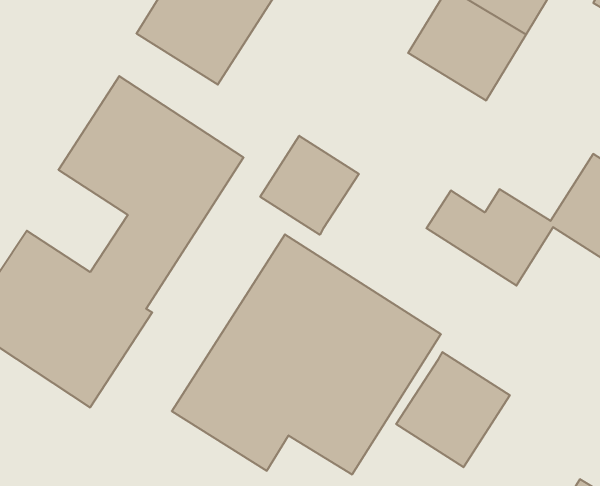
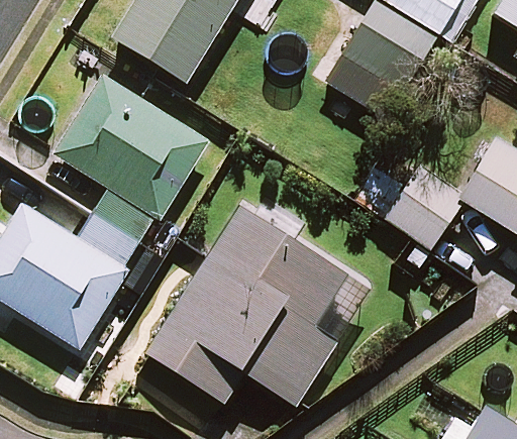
building: [260,136,359,235] -> none
building: [396,352,510,467] -> none

